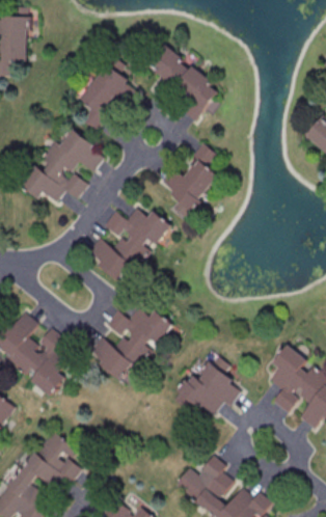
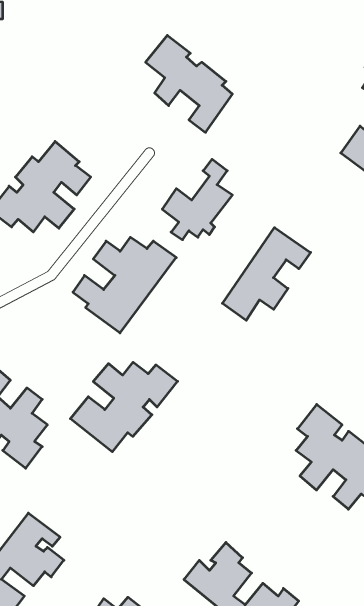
building: [81,56,138,130] -> none
building: none -> [222,228,311,320]
building: [173,355,240,414] -> none

